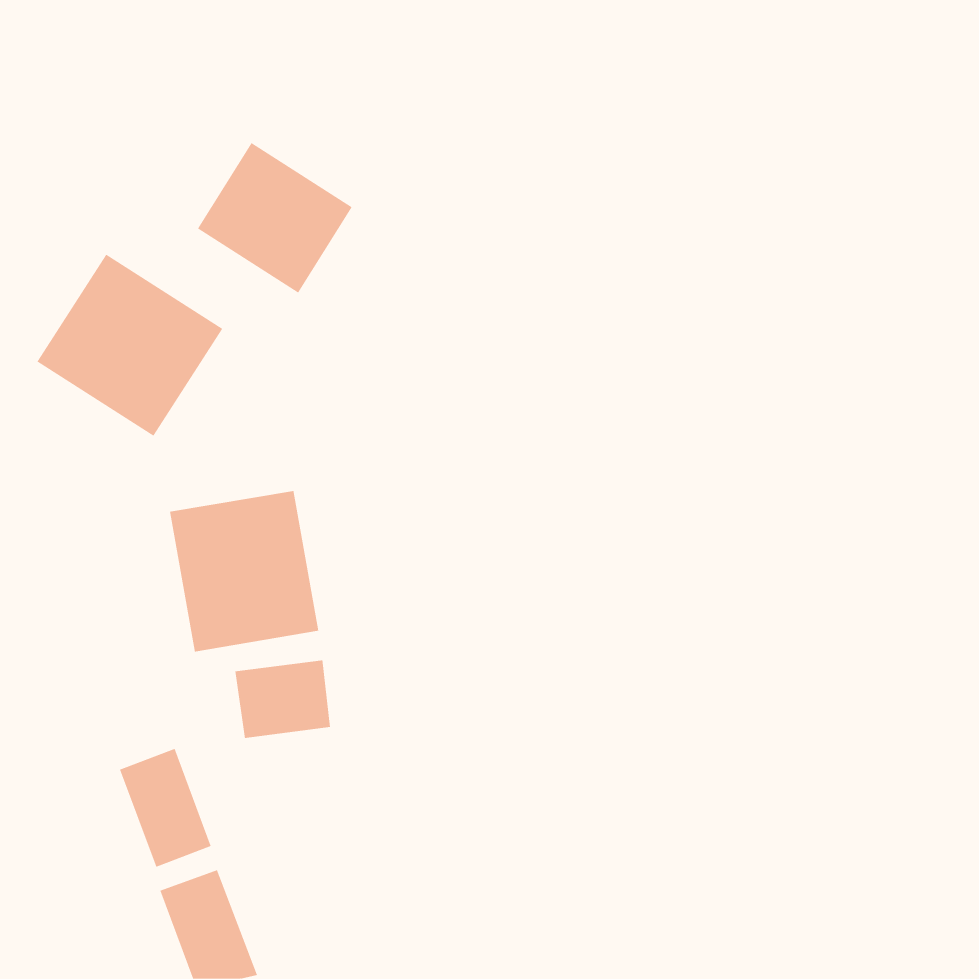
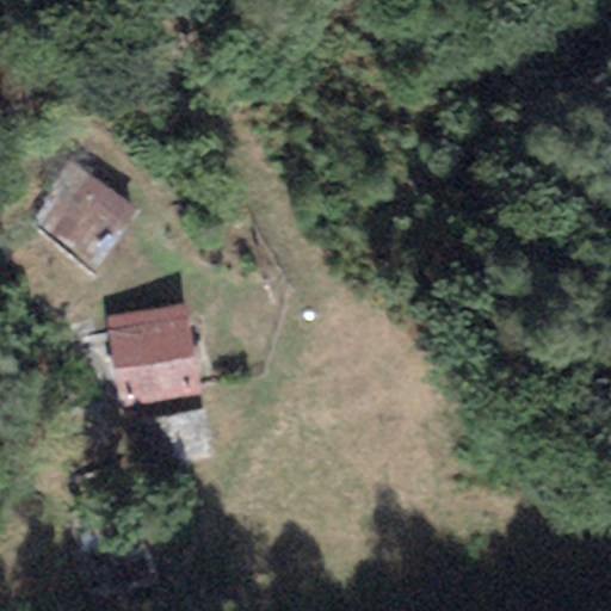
building: [197,142,353,293] -> none

